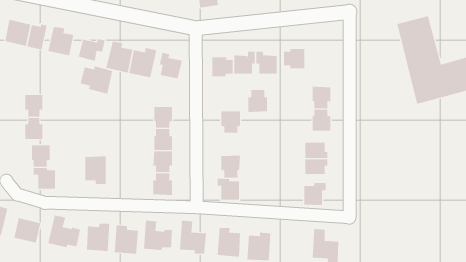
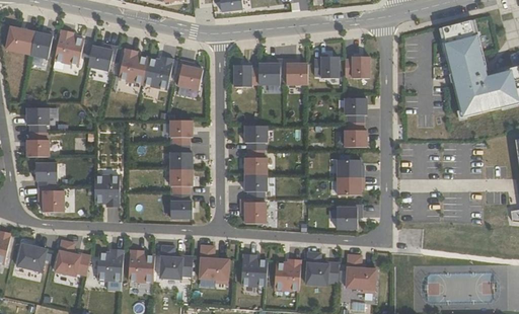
building: none -> [345,56,369,77]
building: [80,66,113,94] -> none
building: [248,89,268,112] -> [244,149,267,174]
building: none -> [305,251,338,285]

